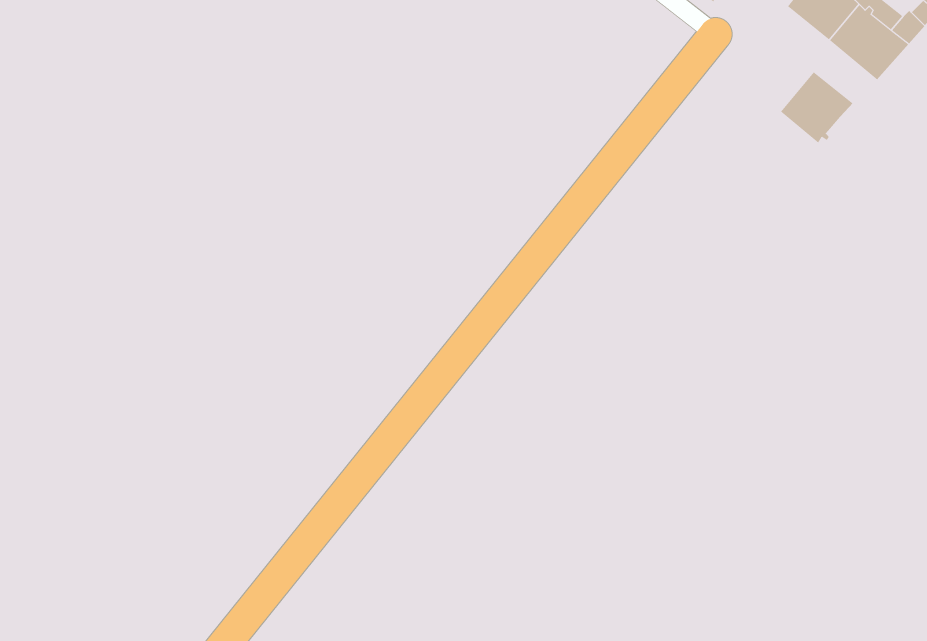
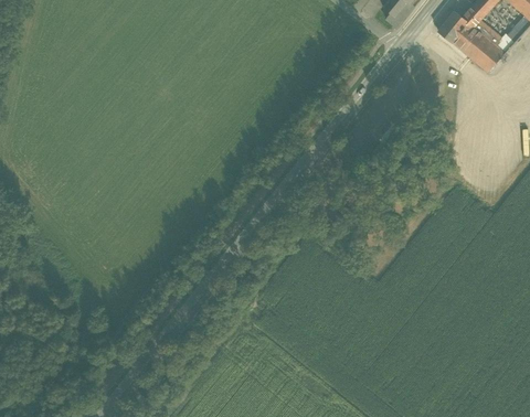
building: [780,72,854,143] -> none

